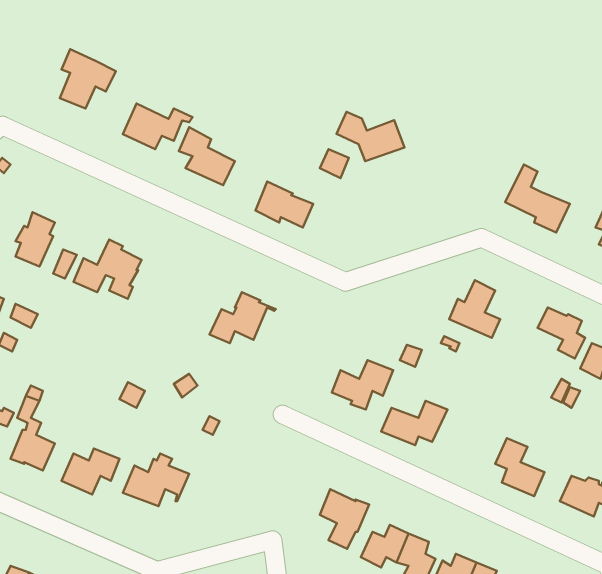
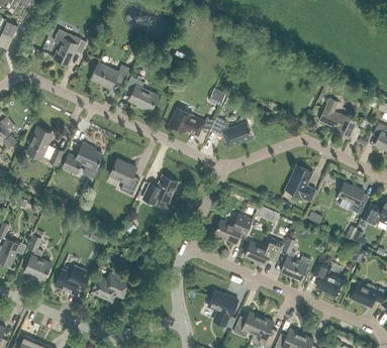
building: [336,112,404,161] -> [211,117,252,146]
building: none -> [109,158,139,196]
building: none -> [280,237,311,280]

